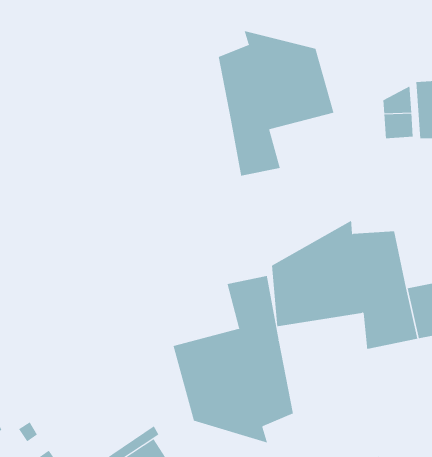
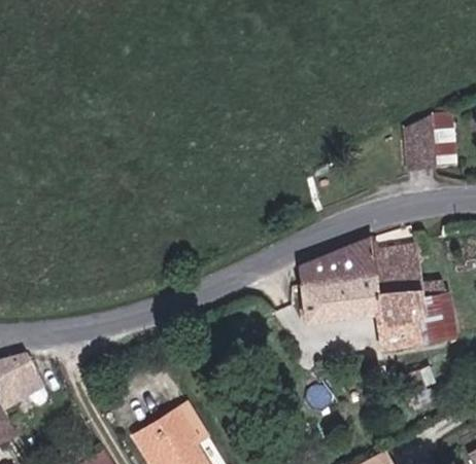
building: [218,30,334,176] -> none
building: [173,275,294,444] -> none

